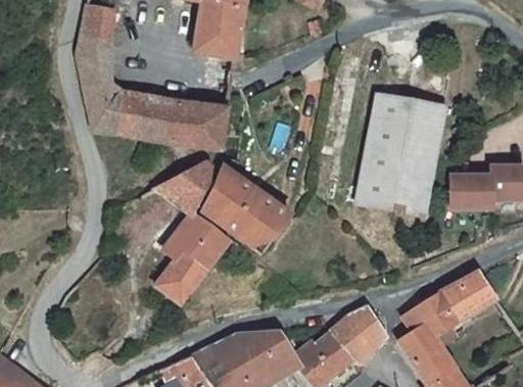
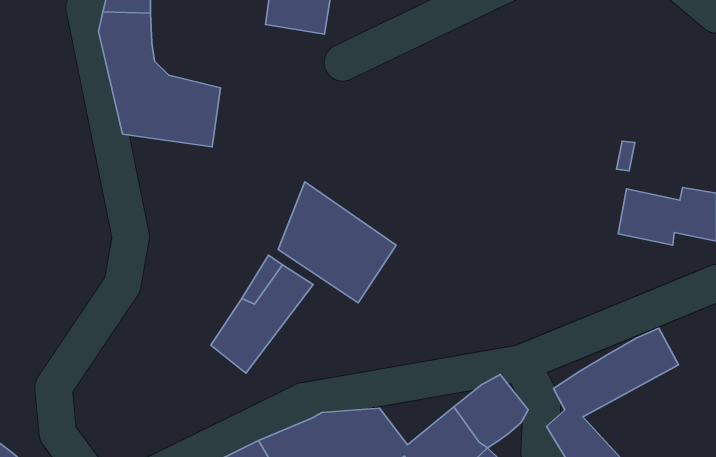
building: [360,90,448,212] -> none
building: [155,97,226,148] -> none
building: [149,163,213,217] -> none

